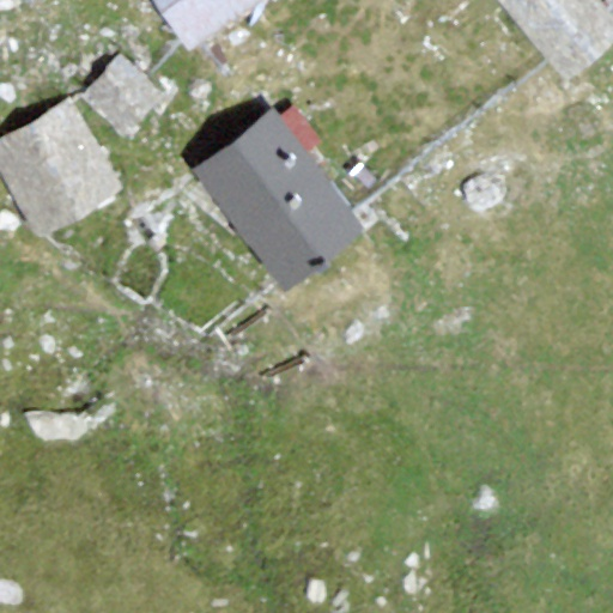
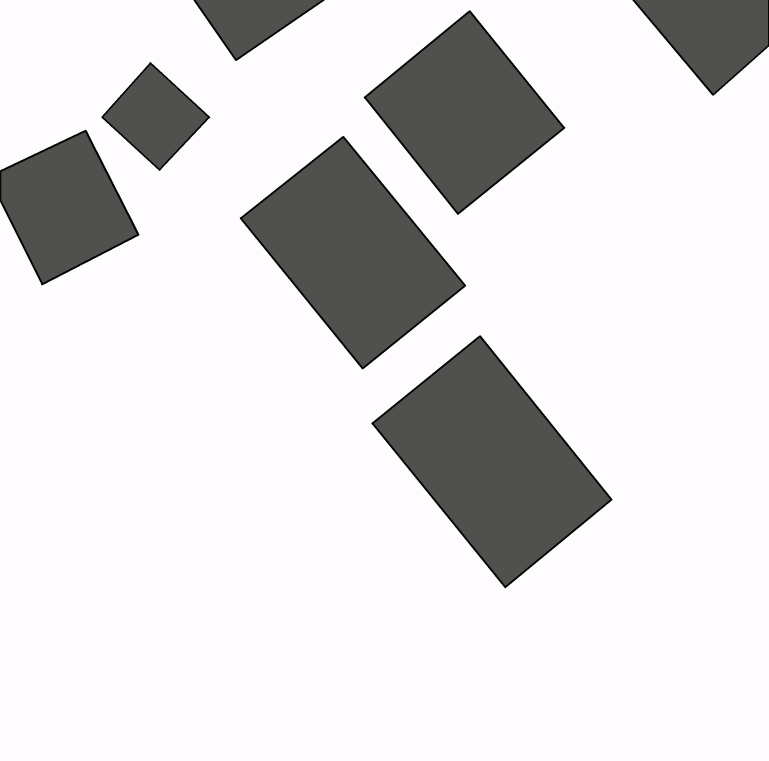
building: none -> [365,11,564,214]
building: none -> [372,336,611,587]

